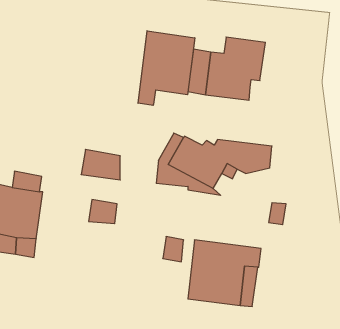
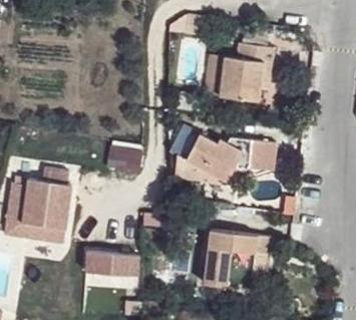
building: [138,31,195,105] -> none
building: none -> [86,251,137,275]

